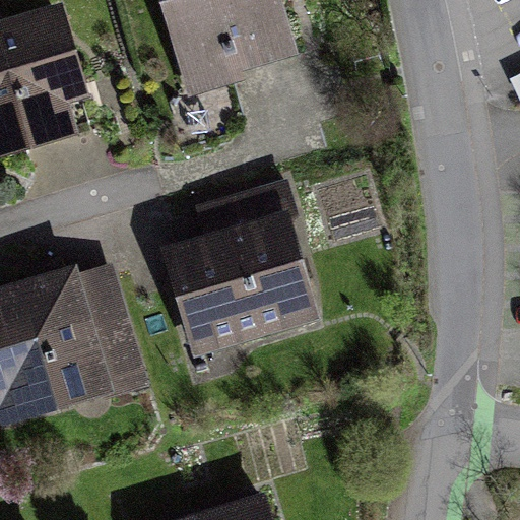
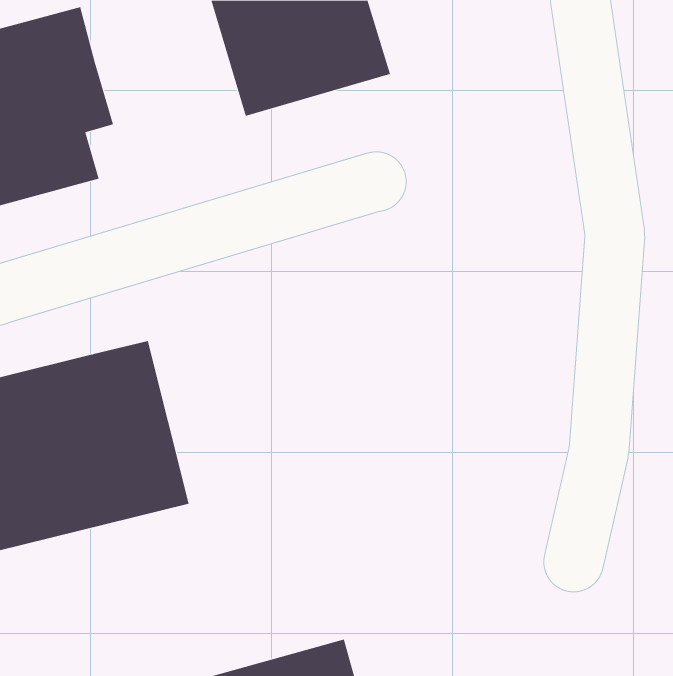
building: [160,181,319,356] -> none

